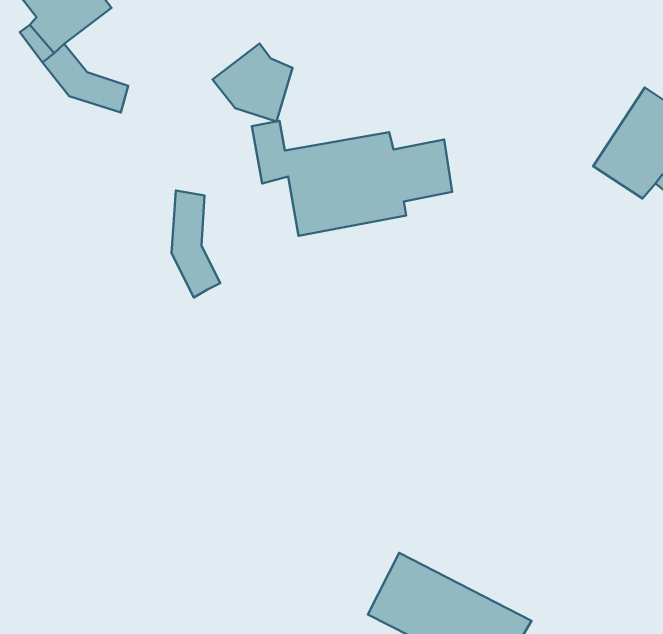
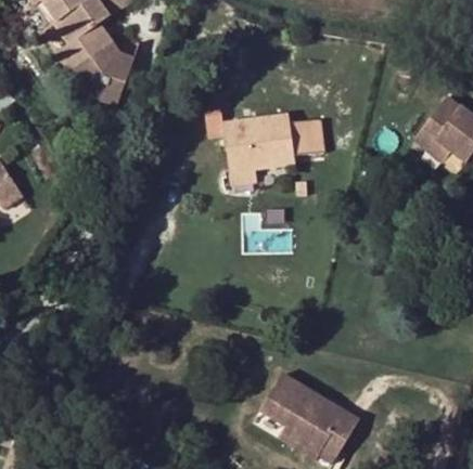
building: [212,43,293,122] -> [90,29,140,78]
building: [172,190,220,297] -> none

